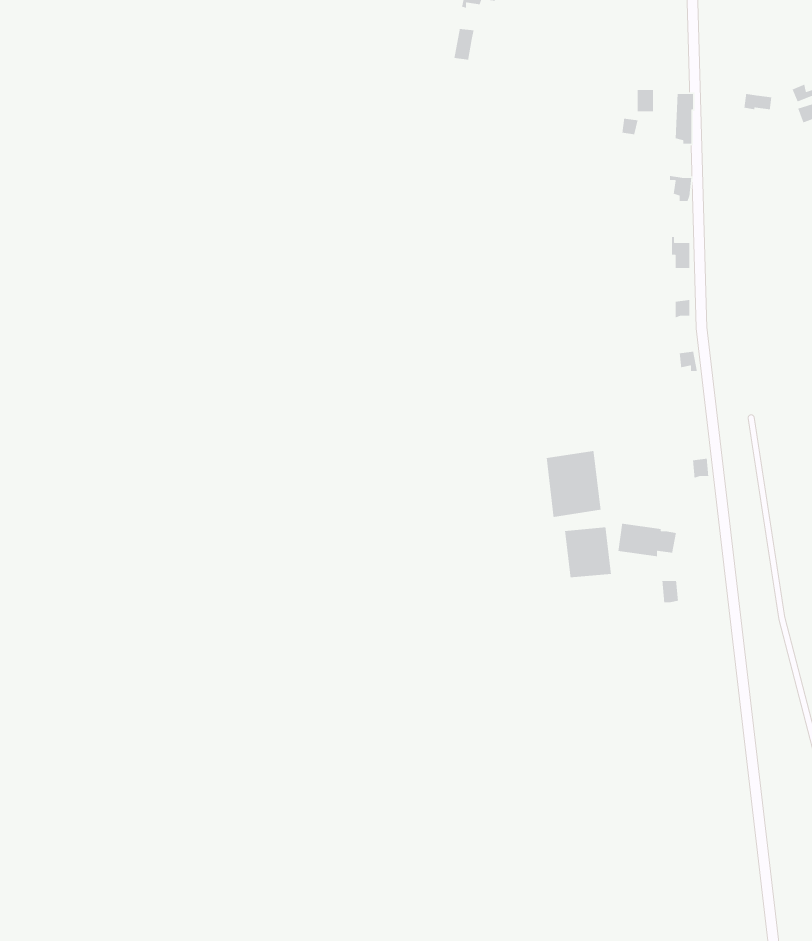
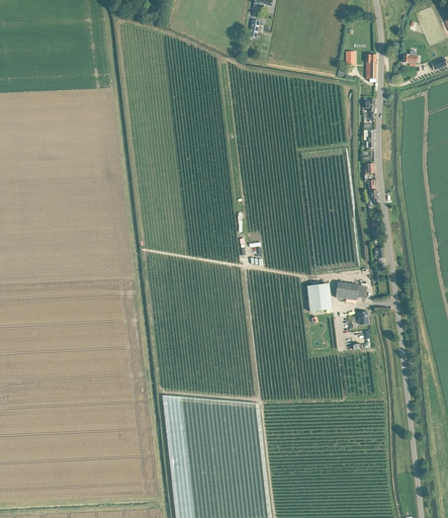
building: [546,450,601,518] -> none

